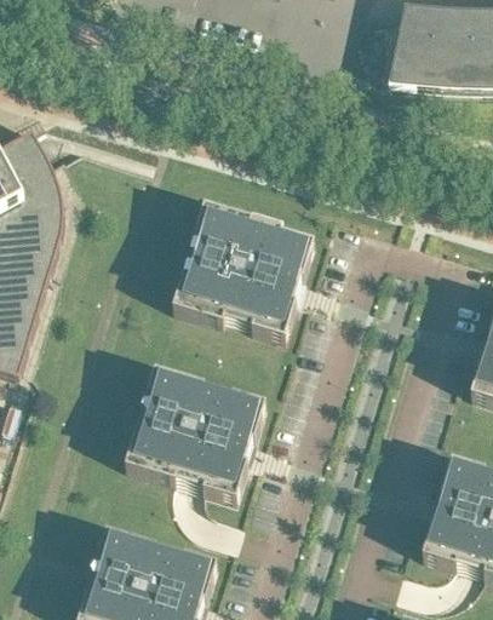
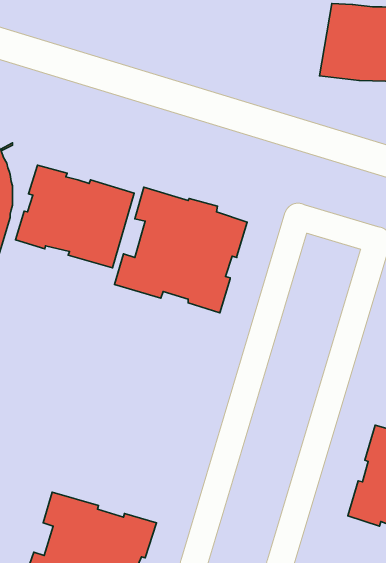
building: none -> [16,165,134,268]
building: [121,364,262,495] -> none

